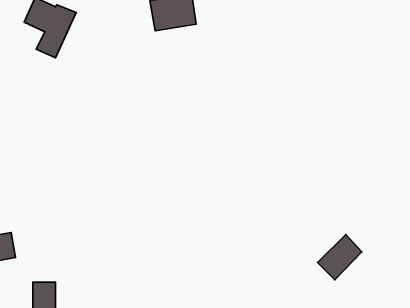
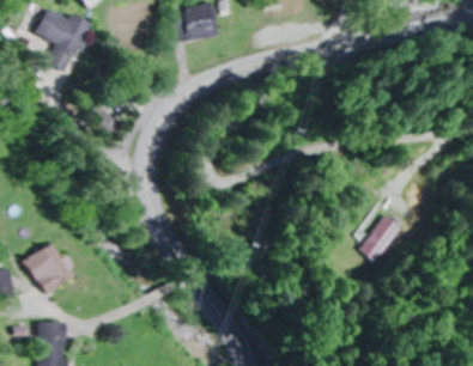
building: none -> [28,244,71,292]
building: [318,234,362,280] -> [354,212,404,262]

